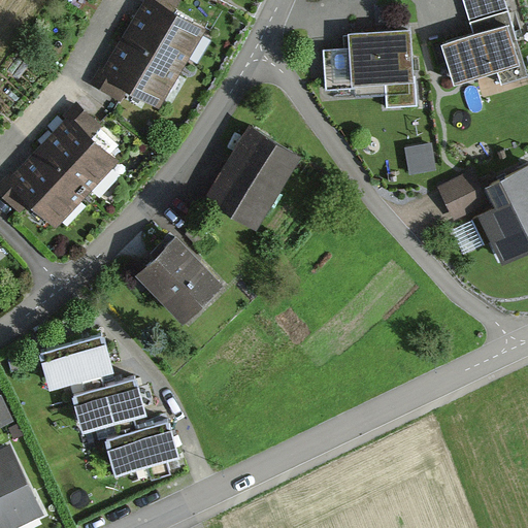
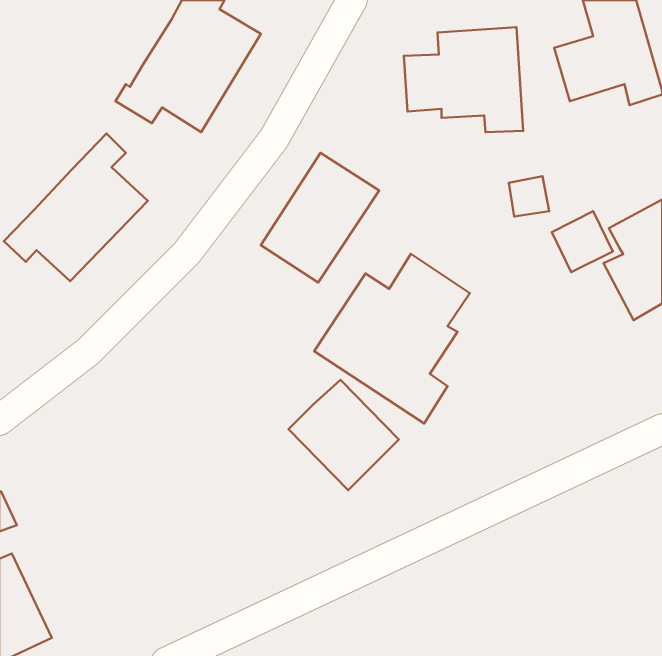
building: none -> [314,254,470,424]
building: [134,235,222,323] -> [288,380,399,490]
building: [38,334,112,387] -> none
building: [71,377,145,431] -> none
building: [105,422,176,473] -> none

